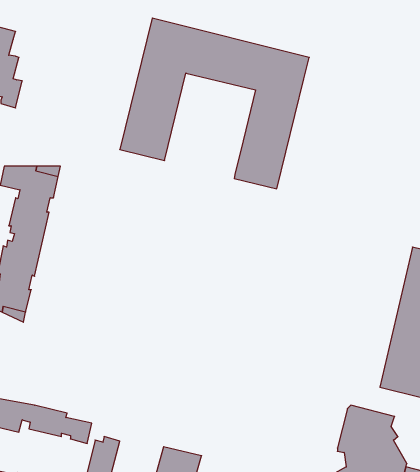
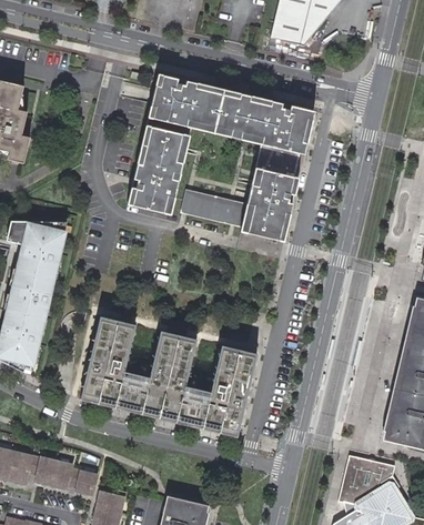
building: none -> [181,189,245,226]
building: none -> [79,315,256,435]

